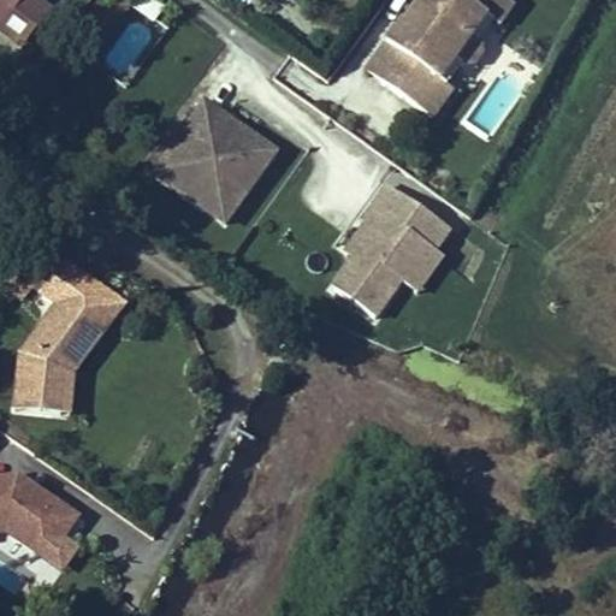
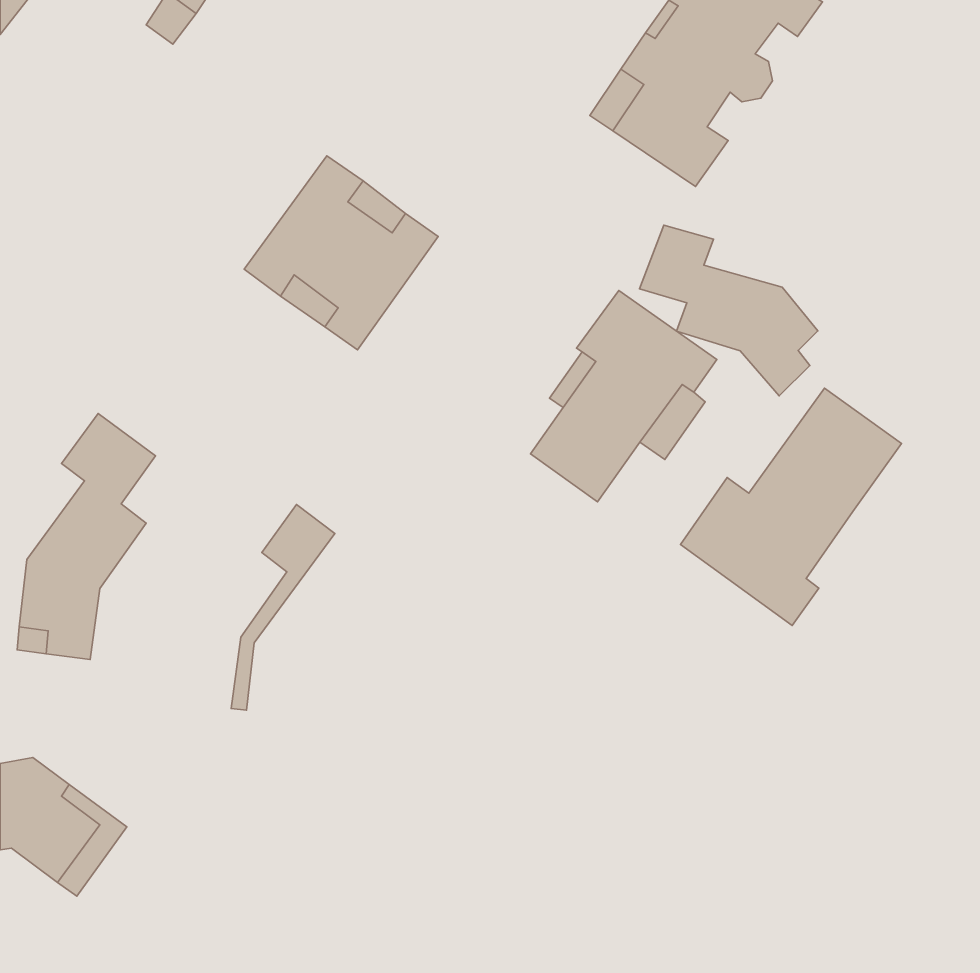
building: none -> [639,225,818,396]
building: none -> [680,388,902,625]
building: [58,285,123,414] -> [231,505,335,710]

